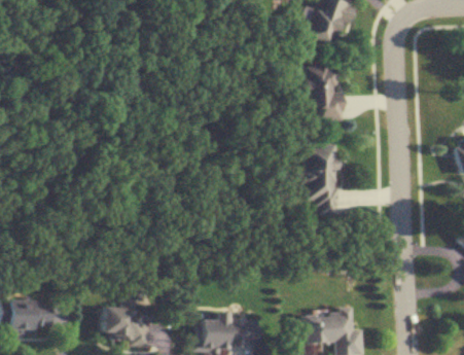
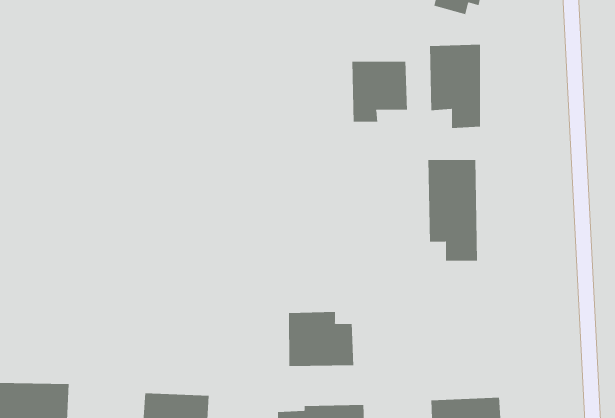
building: none -> [352,61,408,123]
building: none -> [289,311,354,367]

